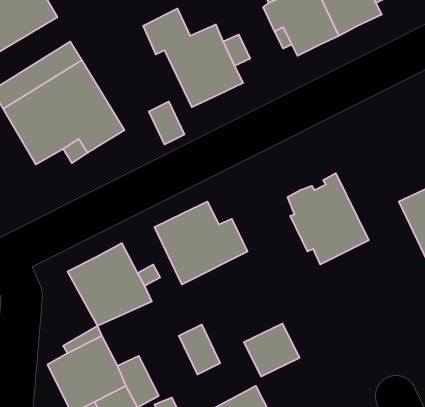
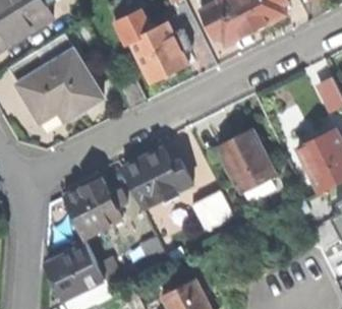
building: [244,324,300,376] -> [190,190,230,228]

